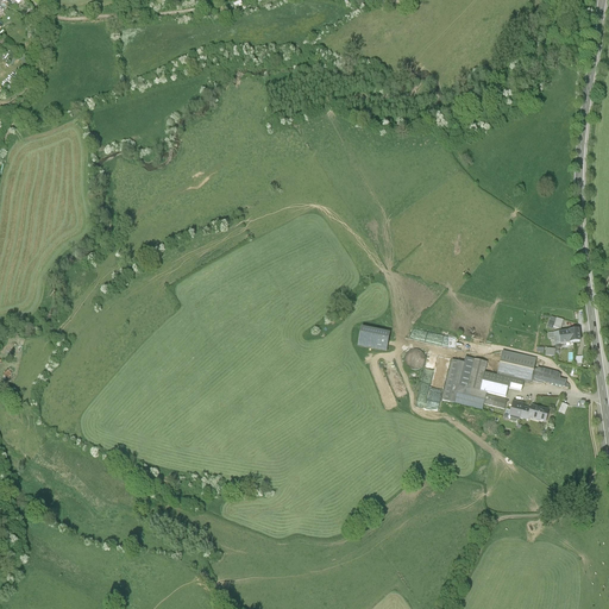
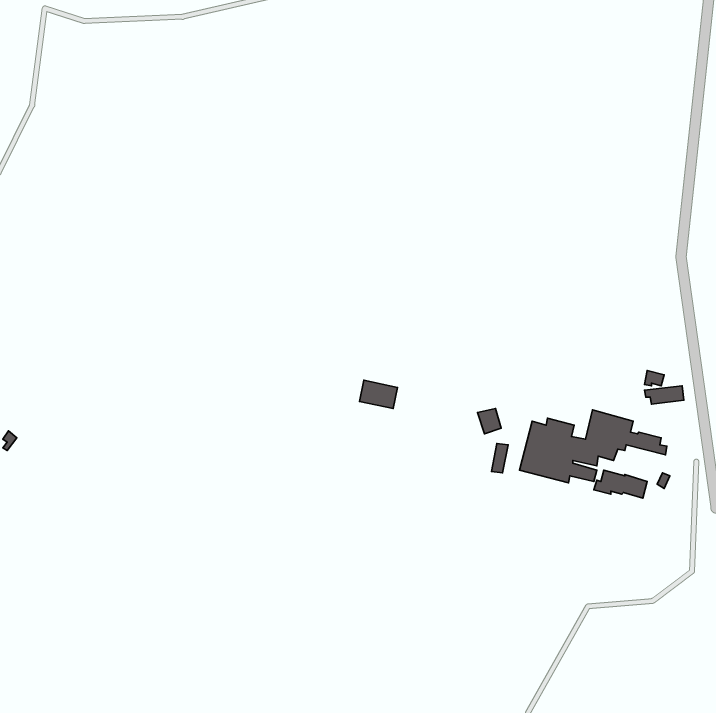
building: [357,325,389,349] -> [360,380,397,408]

